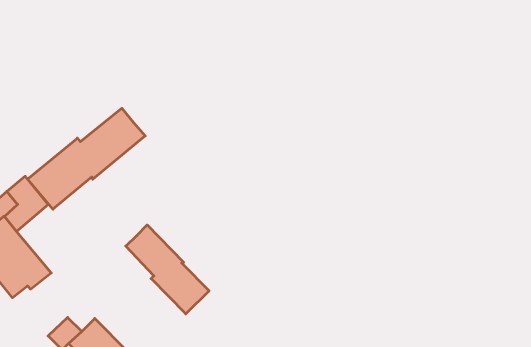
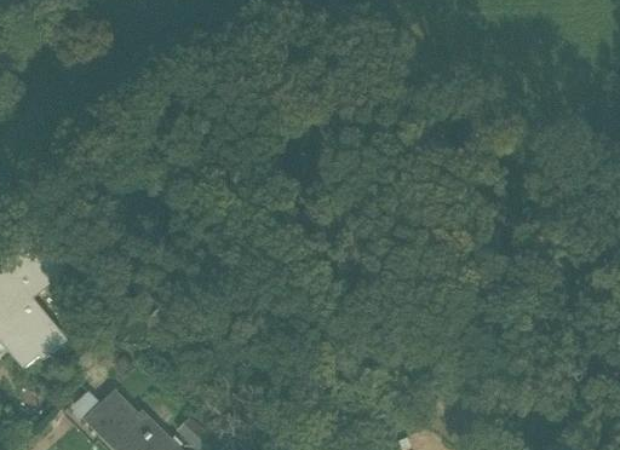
building: [28,108,145,209] -> none
building: [126,225,209,314] -> none

